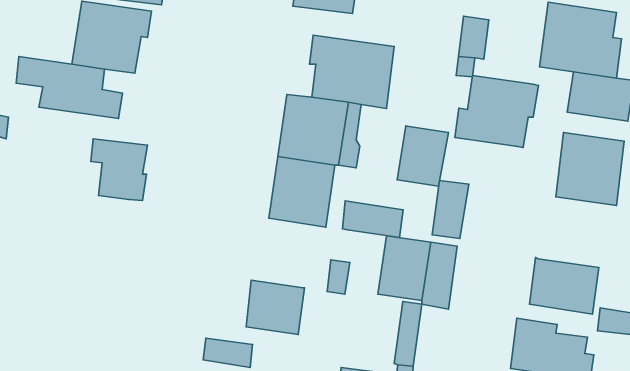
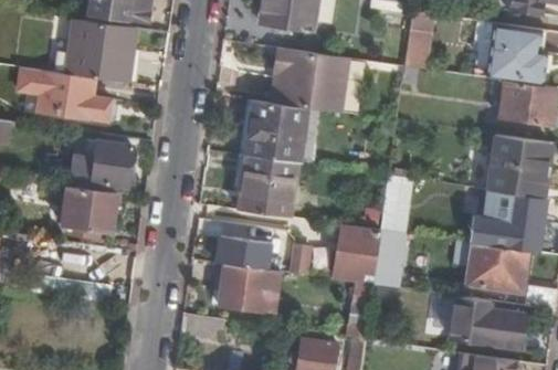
building: [455,75,538,147] -> [474,190,547,253]
building: [397,126,448,186] -> none
building: none -> [62,186,116,233]
building: [342,201,403,238] -> [219,237,272,269]

